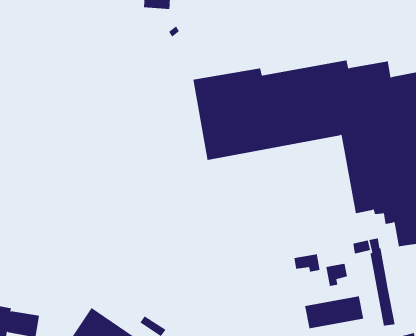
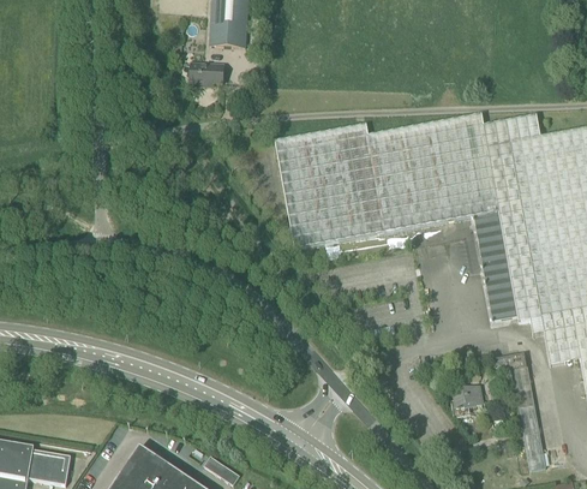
building: none -> [190,62,223,85]
building: [294,253,320,272] -> none
building: [305,296,364,329] -> none

